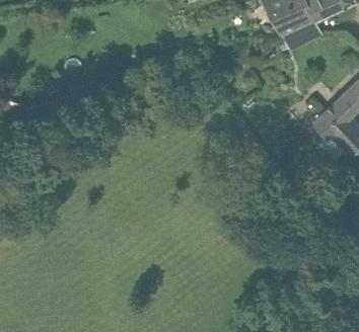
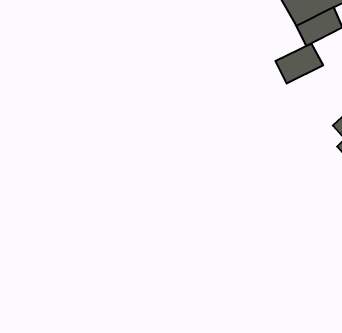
building: none -> [275,44,323,84]

